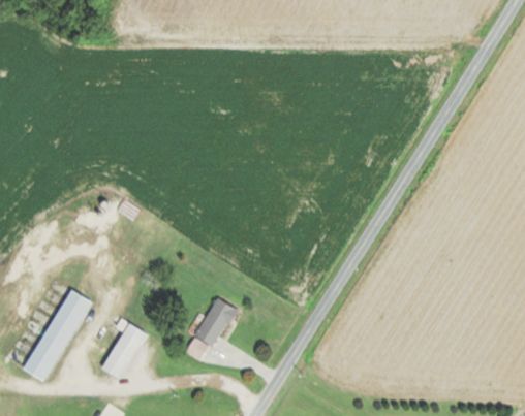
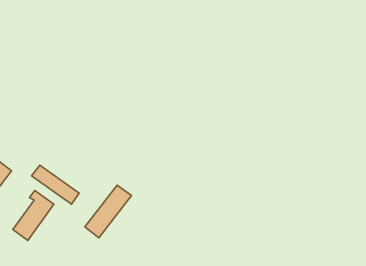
building: none -> [32,165,79,204]

